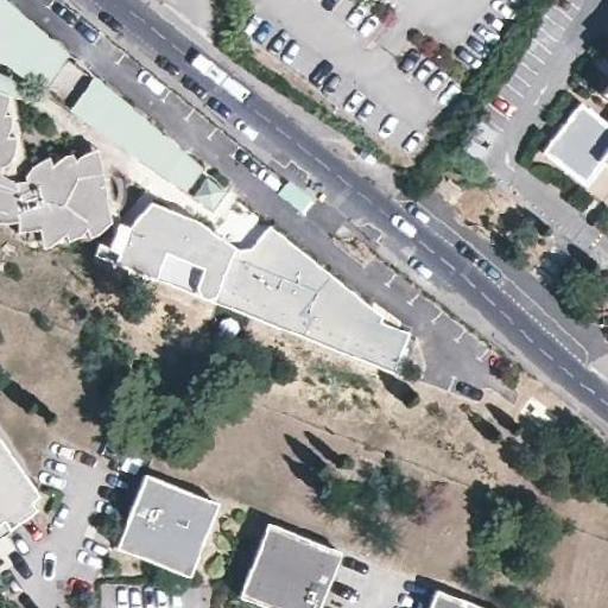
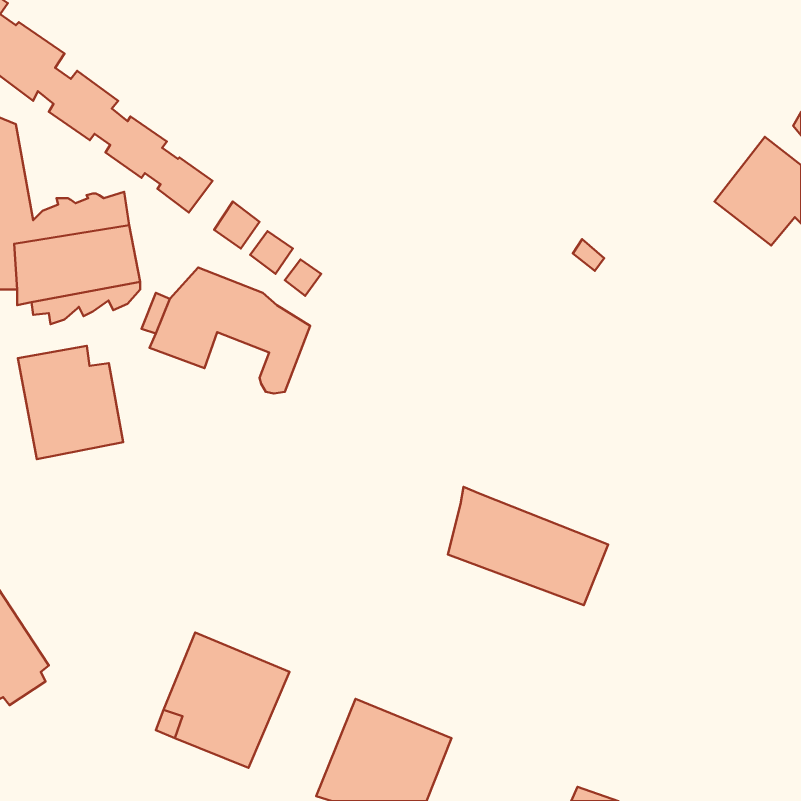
building: [214,224,407,372] -> none
building: [154,251,203,292] -> none
building: none -> [18,346,123,459]
building: none -> [448,487,608,605]

